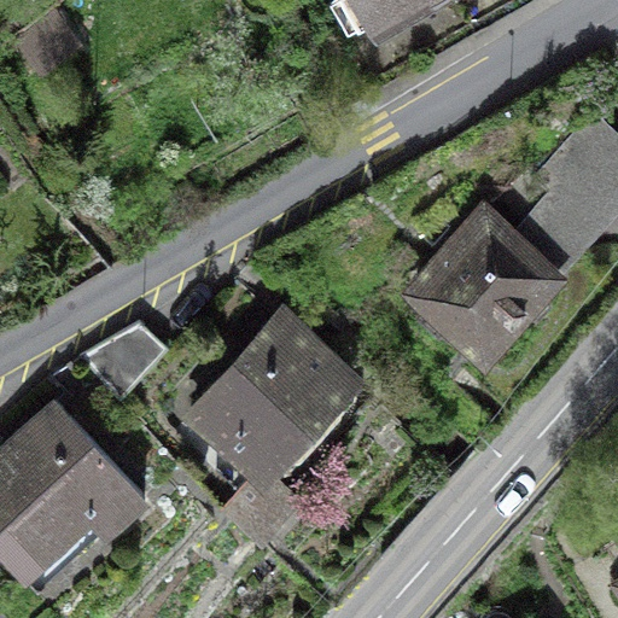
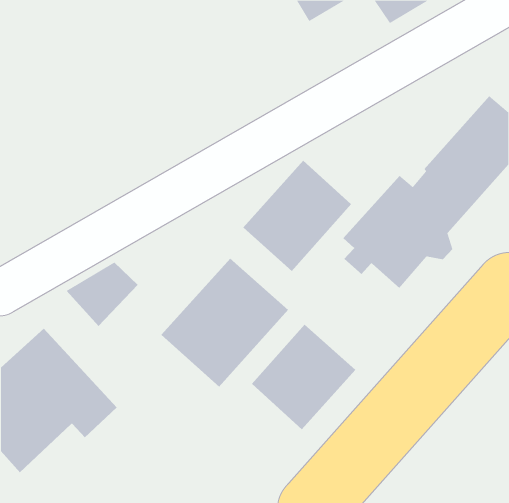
building: none -> [242,160,352,272]
building: none -> [251,324,356,430]

